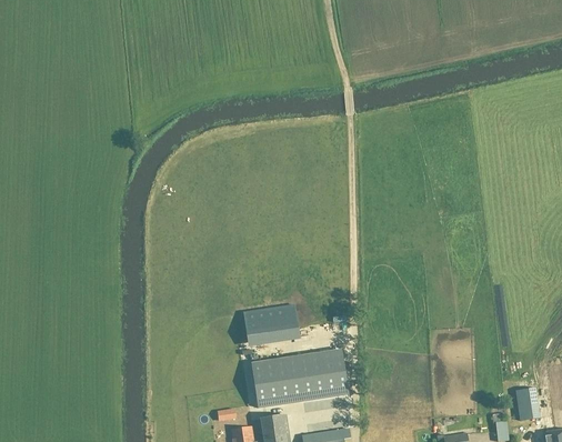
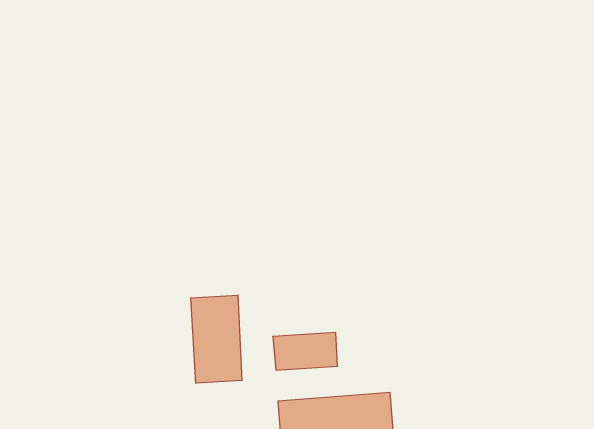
building: none -> [191,295,242,383]

